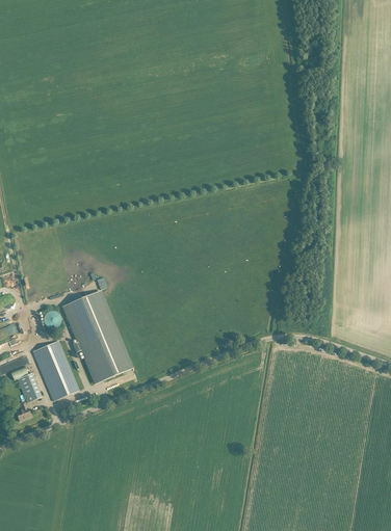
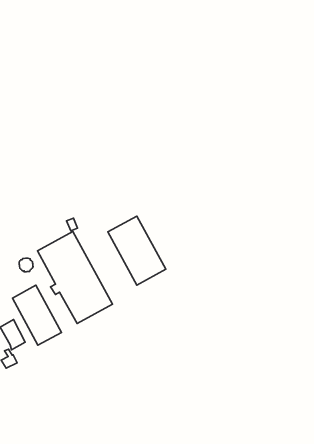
building: none -> [108,216,166,285]

